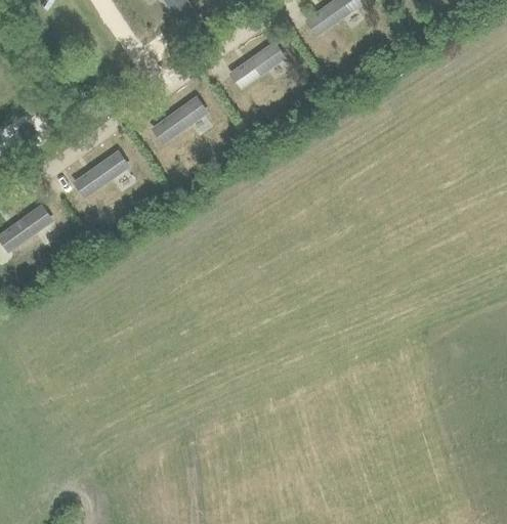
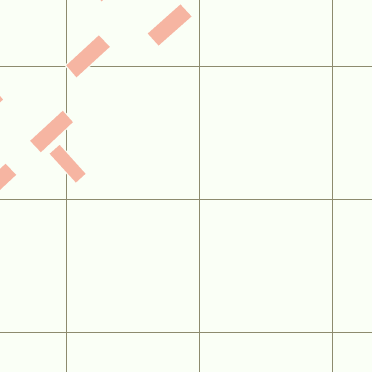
building: [151,96,208,145] -> [65,35,111,79]
building: none -> [48,144,87,183]

